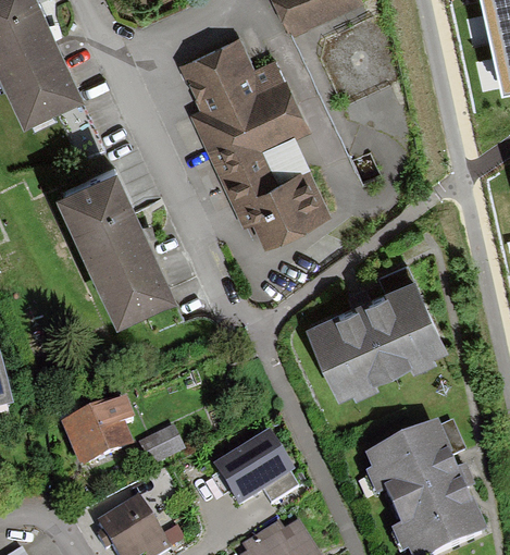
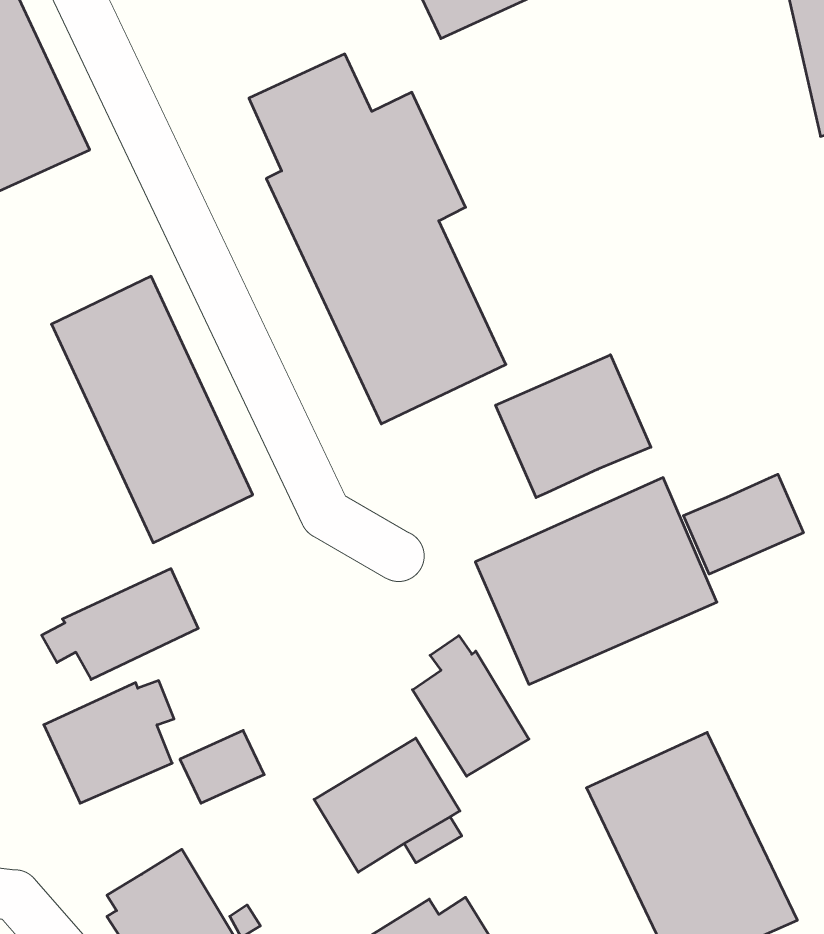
building: none -> [496,355,651,498]
building: none -> [683,474,803,574]
building: none -> [42,569,198,680]
building: none -> [412,636,529,776]

